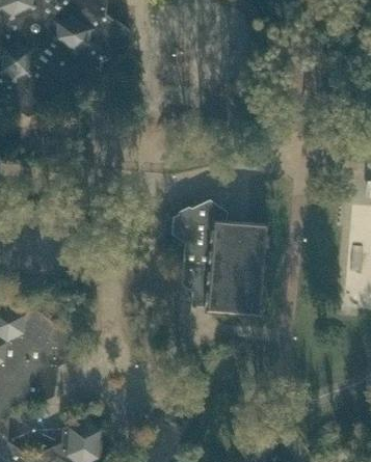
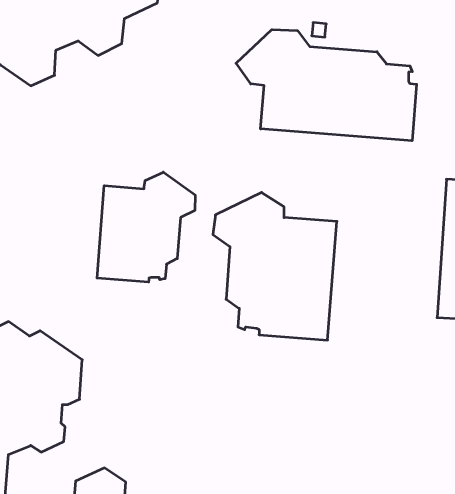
building: none -> [236,30,417,141]
building: none -> [97,172,195,282]

